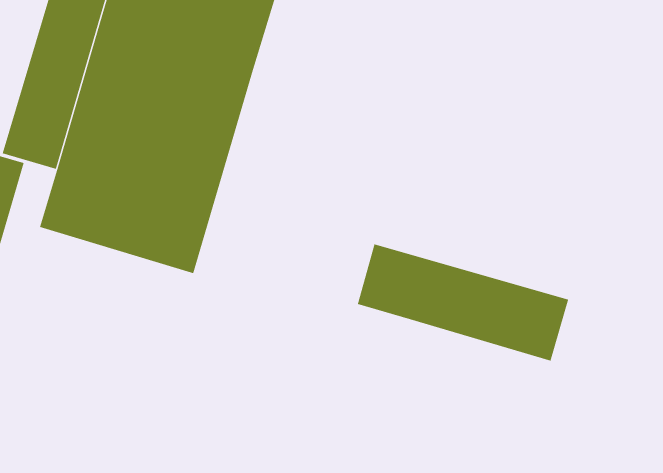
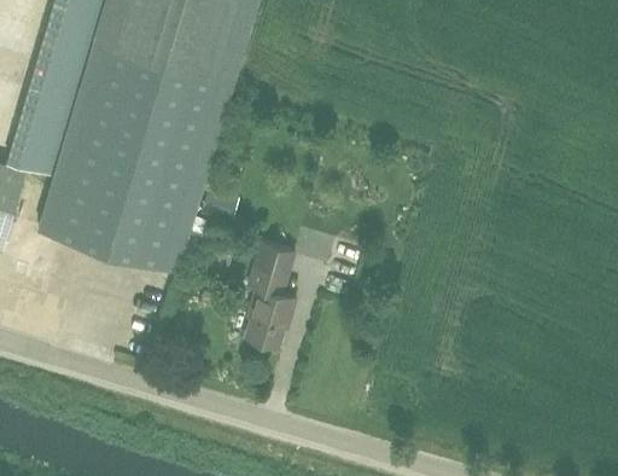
building: [357,244,569,361] -> none
building: none -> [244,250,295,354]

